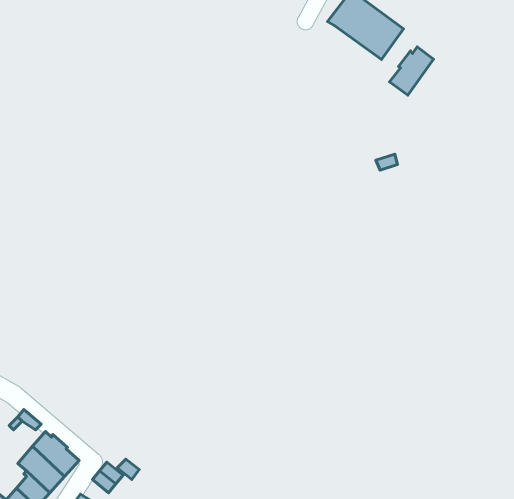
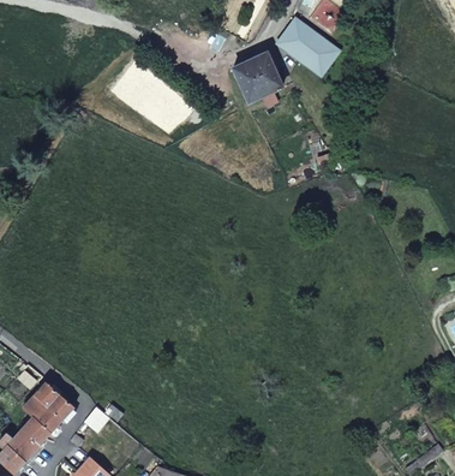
building: none -> [233,53,282,102]
building: [390,47,434,95] -> none

